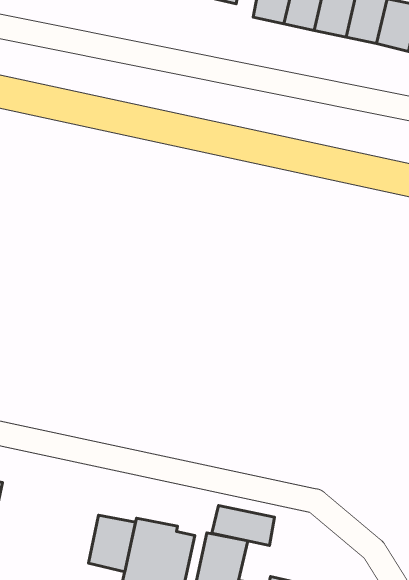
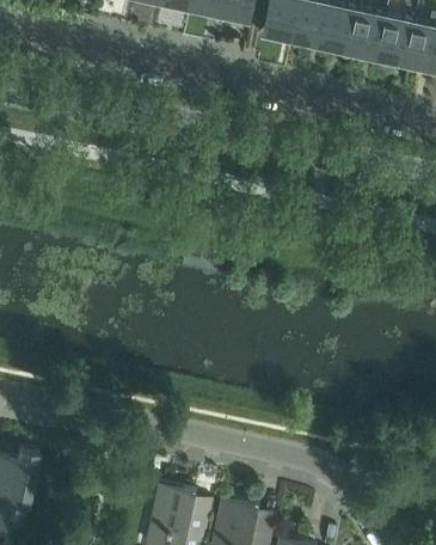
building: [212,505,275,545] -> none
building: [89,515,135,572] -> none

